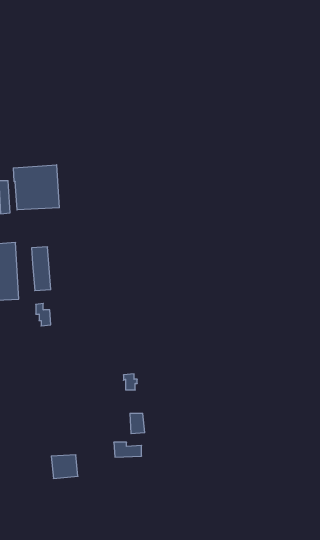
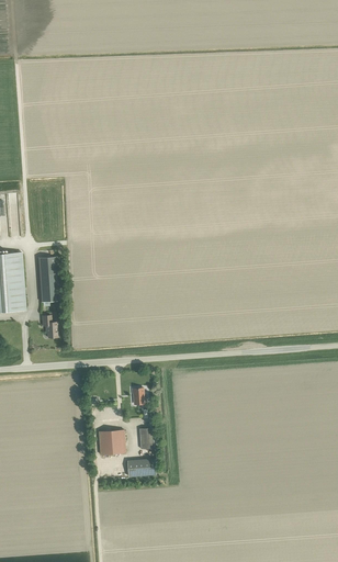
building: [13,165,59,210] -> none
building: [51,455,78,478] -> [98,430,125,454]

